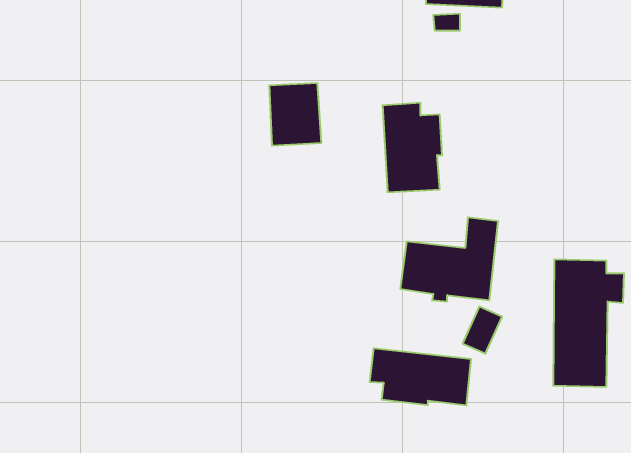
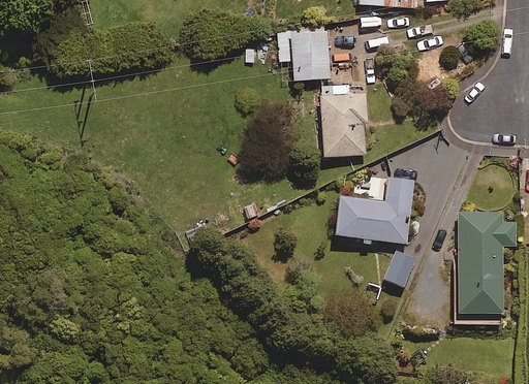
building: [269,83,321,145] -> [288,30,331,81]
building: [370,348,471,406] -> none

